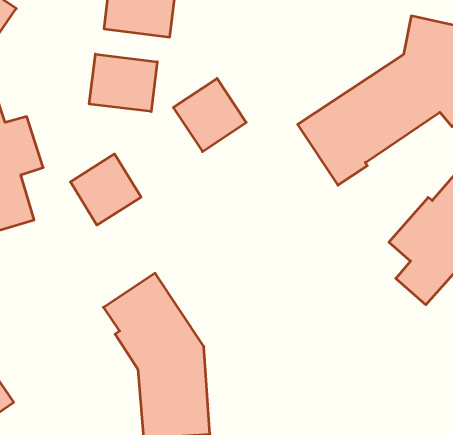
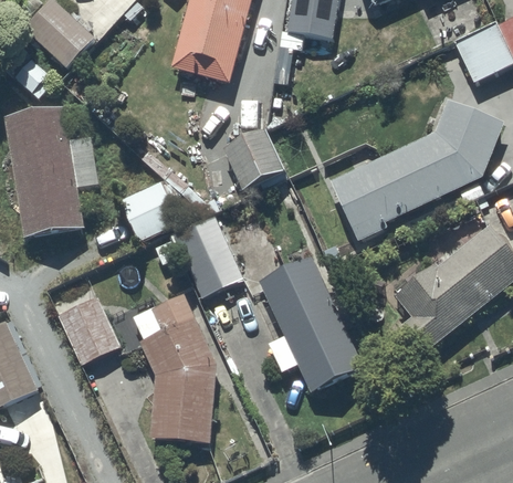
building: [89,54,157,112] -> none
building: none -> [171,213,243,296]
building: none -> [259,255,364,391]
building: none -> [54,292,119,364]

